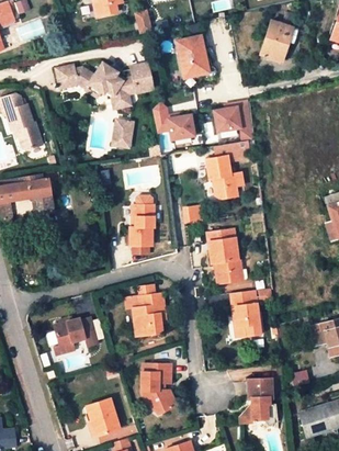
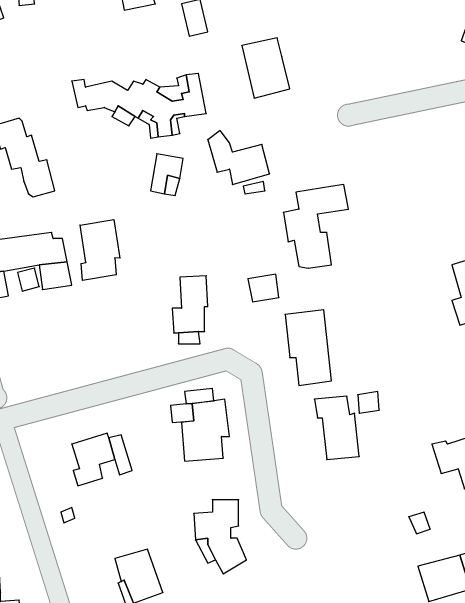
building: [260,21,293,61] -> none
building: [213,101,253,142] -> none
building: none -> [80,220,120,280]
building: [239,380,280,427] -> none

